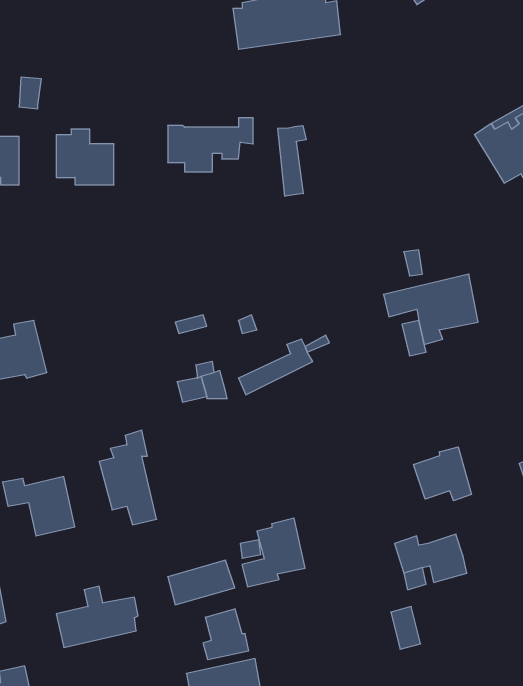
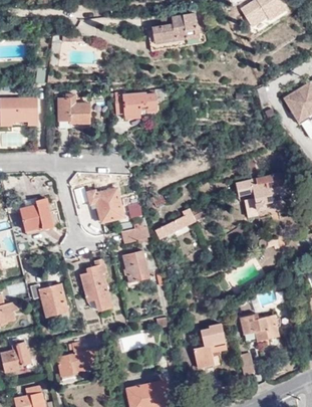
building: [278,126,306,196] -> none
building: none -> [84,189,122,220]
building: none -> [122,249,149,281]
building: [414,447,471,501] -> none
building: [242,518,305,587] -> [193,323,227,360]
building: [203,609,248,660] -> none

